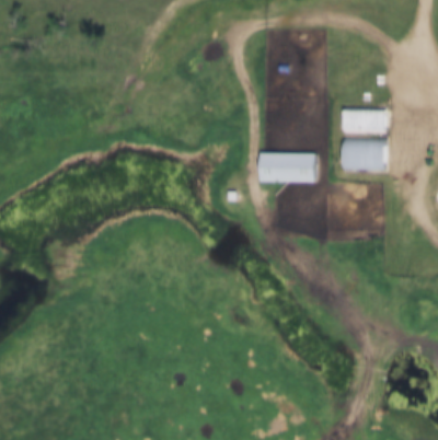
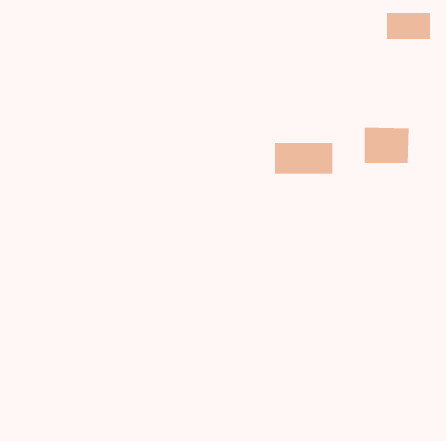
building: [343,109,384,135] -> [386,12,431,40]

